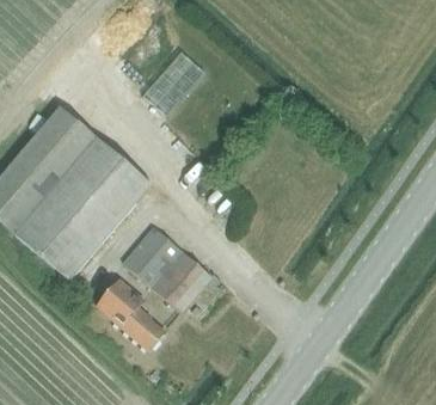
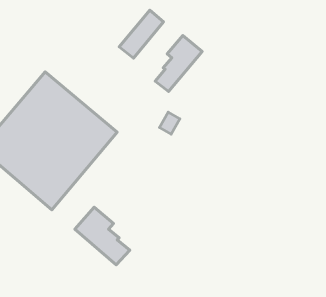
building: none -> [155,35,202,91]
building: [124,226,219,309] -> none

